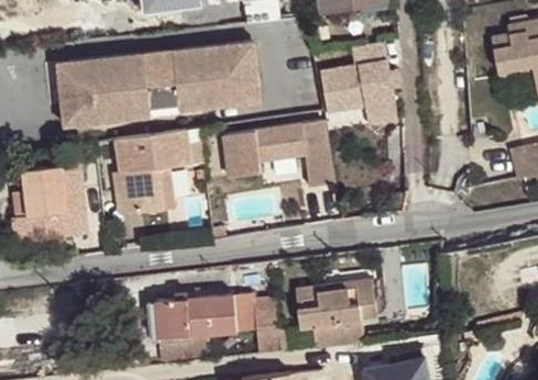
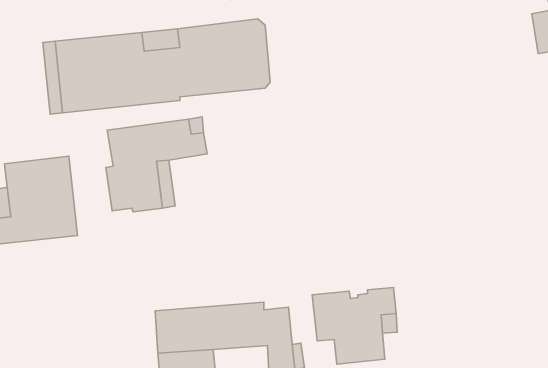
building: [319,41,396,125] -> none
building: [223,119,331,185] -> none

